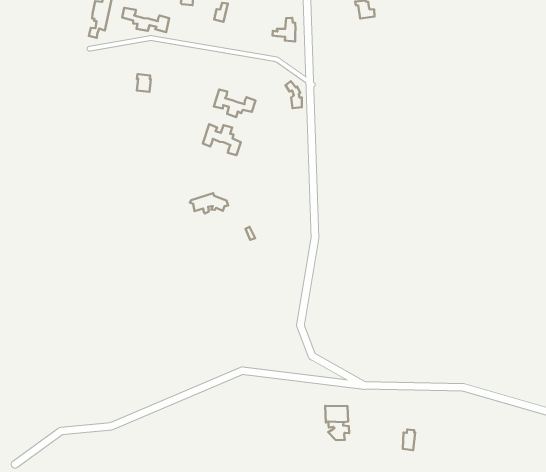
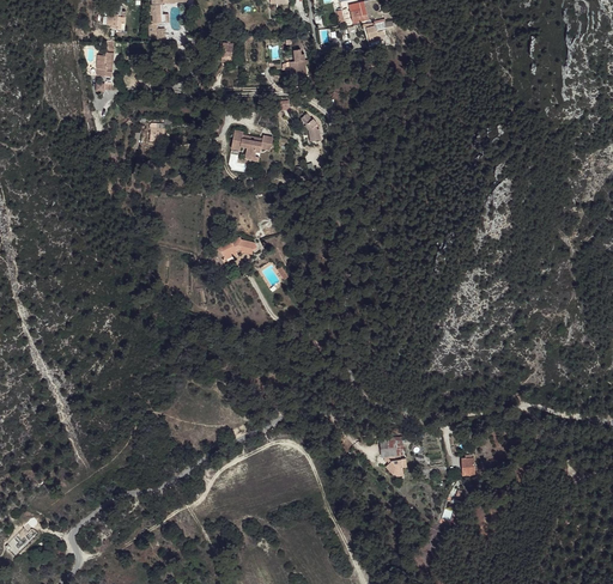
building: [122,8,169,32] -> none
building: [203,124,241,155] -> none

